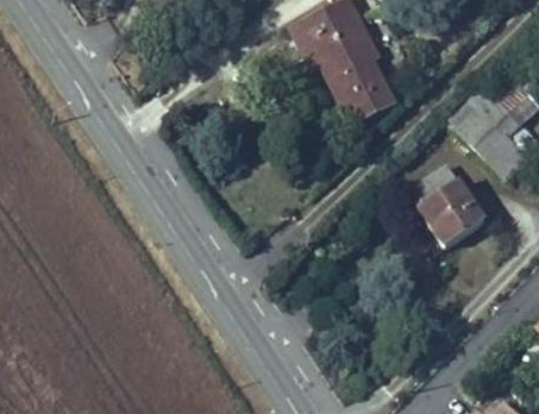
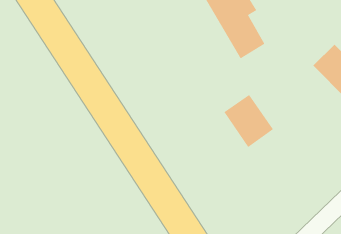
building: [412,170,485,249] -> [224,94,274,148]

